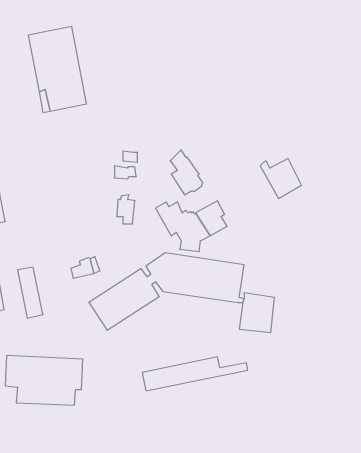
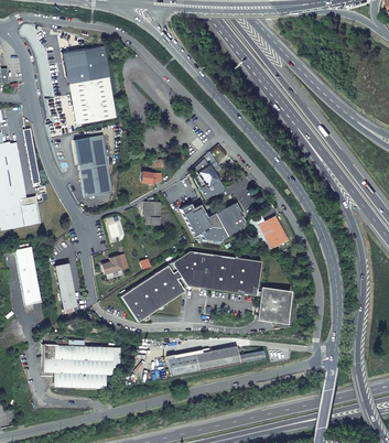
building: none -> [75,133,114,196]
building: [260,158,301,198] -> [250,215,288,251]

